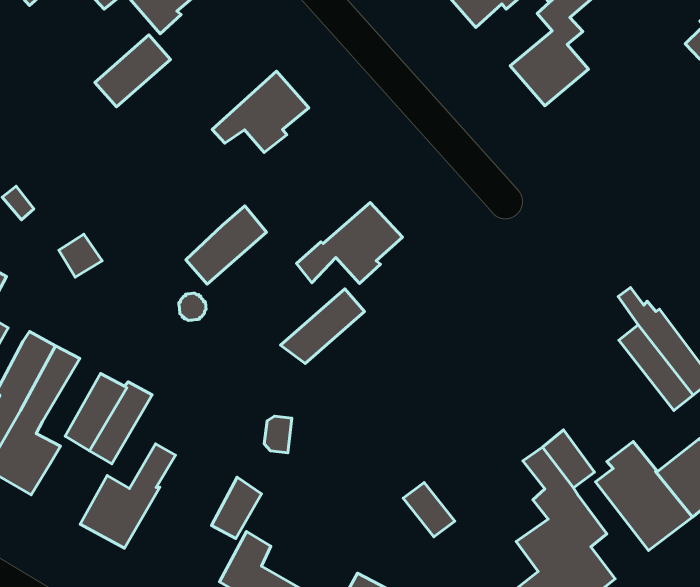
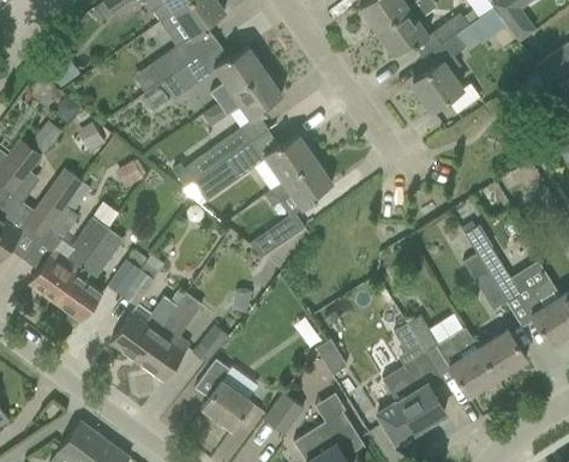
building: none -> [210,47,264,103]
building: none -> [161,56,210,101]
building: none -> [263,136,315,182]
building: none -> [170,130,248,191]
building: none -> [137,293,202,380]

